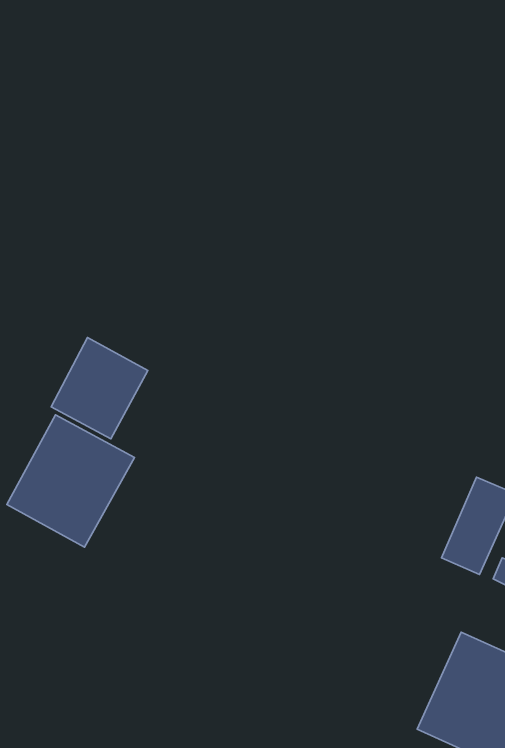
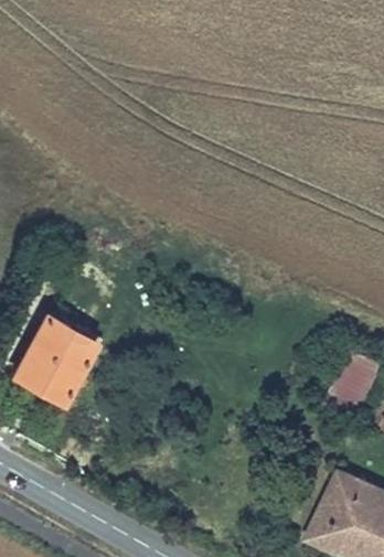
building: [51,338,148,439] -> none

